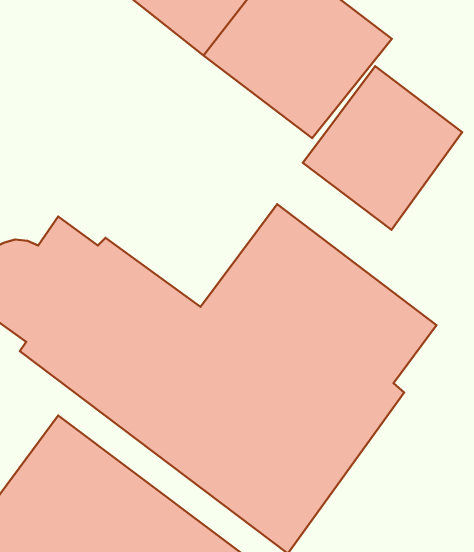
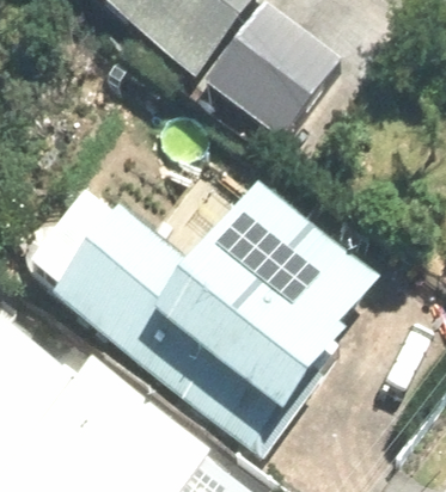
building: [303,66,462,230] -> none

